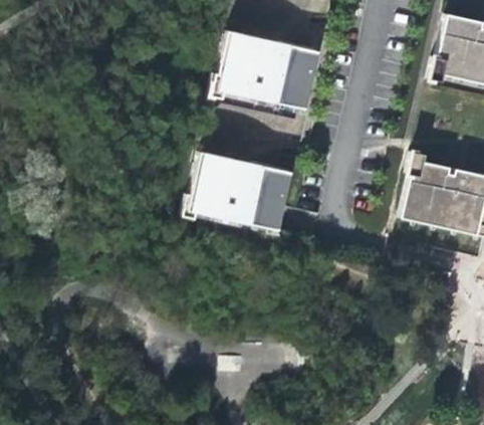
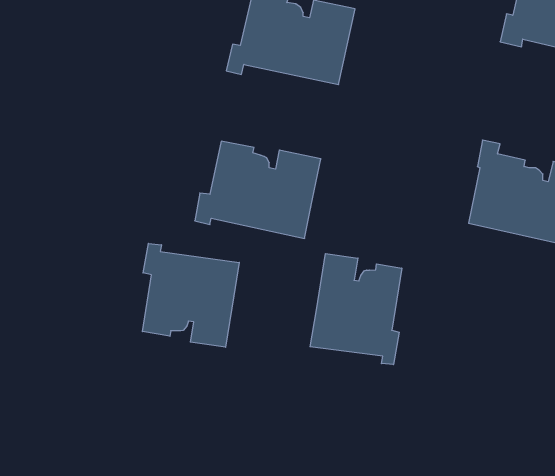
building: none -> [142,243,239,347]
building: none -> [310,254,402,365]

